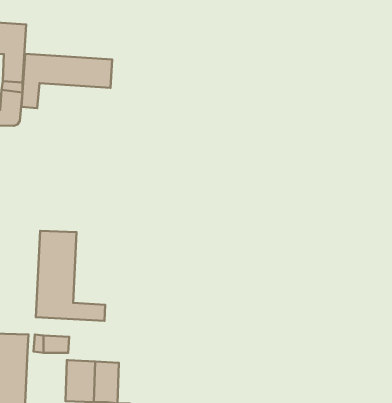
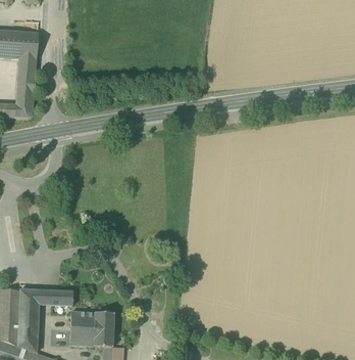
building: [21,54,112,108] -> none
building: [36,231,105,321] -> none

